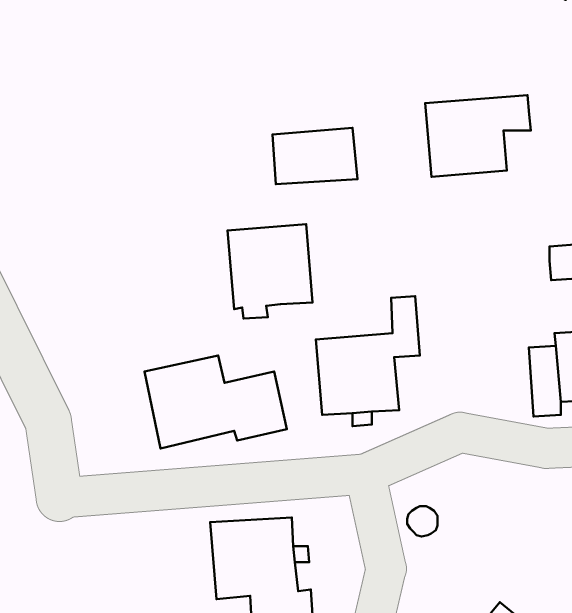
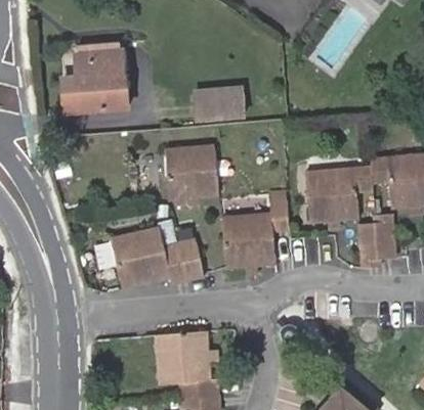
building: none -> [63,39,126,110]
building: [425,95,531,177] -> [305,169,373,221]

